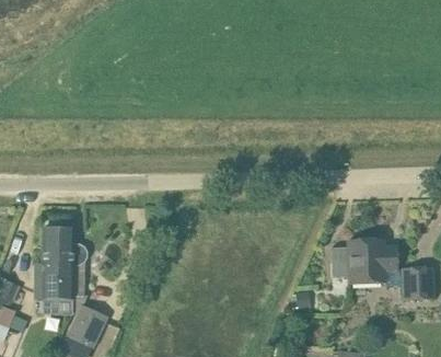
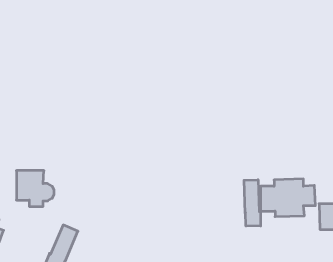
building: none -> [244,180,261,226]
building: [34,264,73,312] -> none

